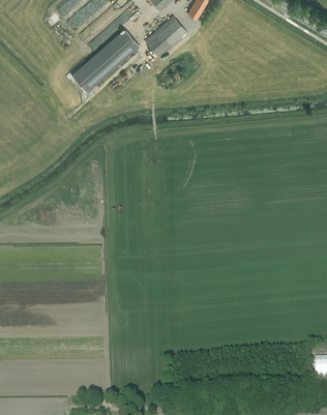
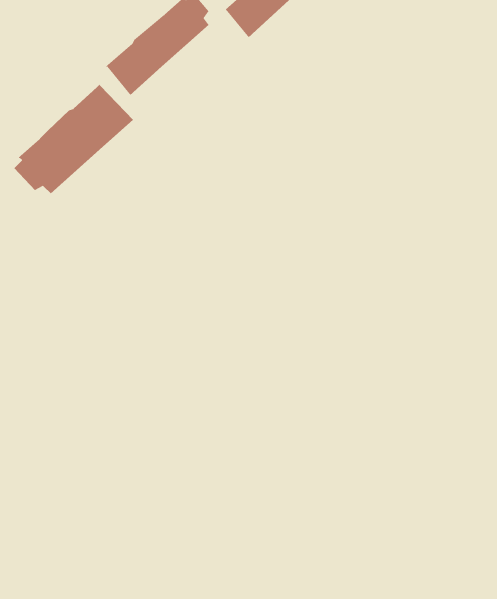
building: none -> [13,83,134,194]

